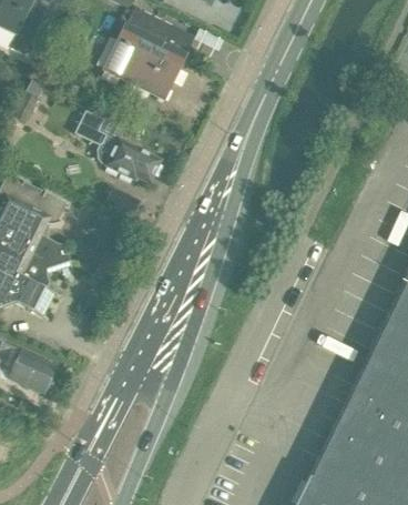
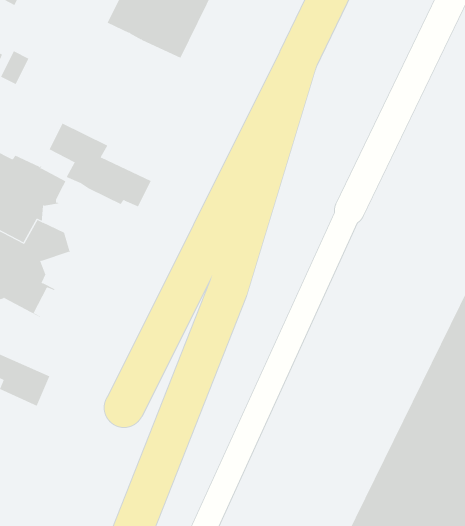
building: [73,111,160,182] -> [49,123,152,207]

